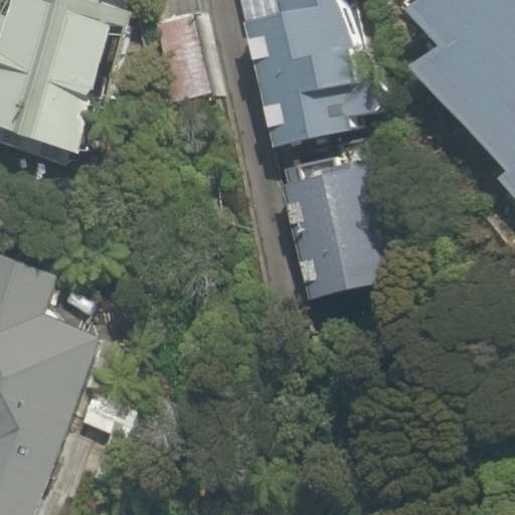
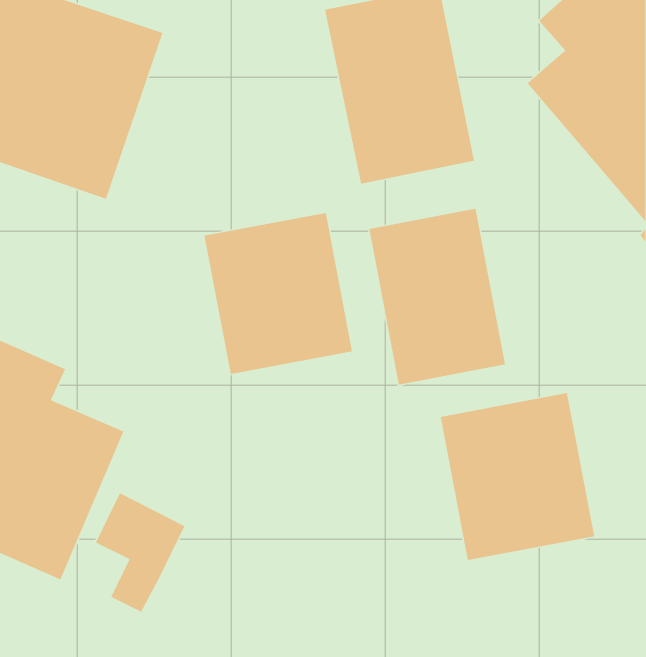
building: none -> [204,212,353,375]
building: none -> [440,392,595,561]

